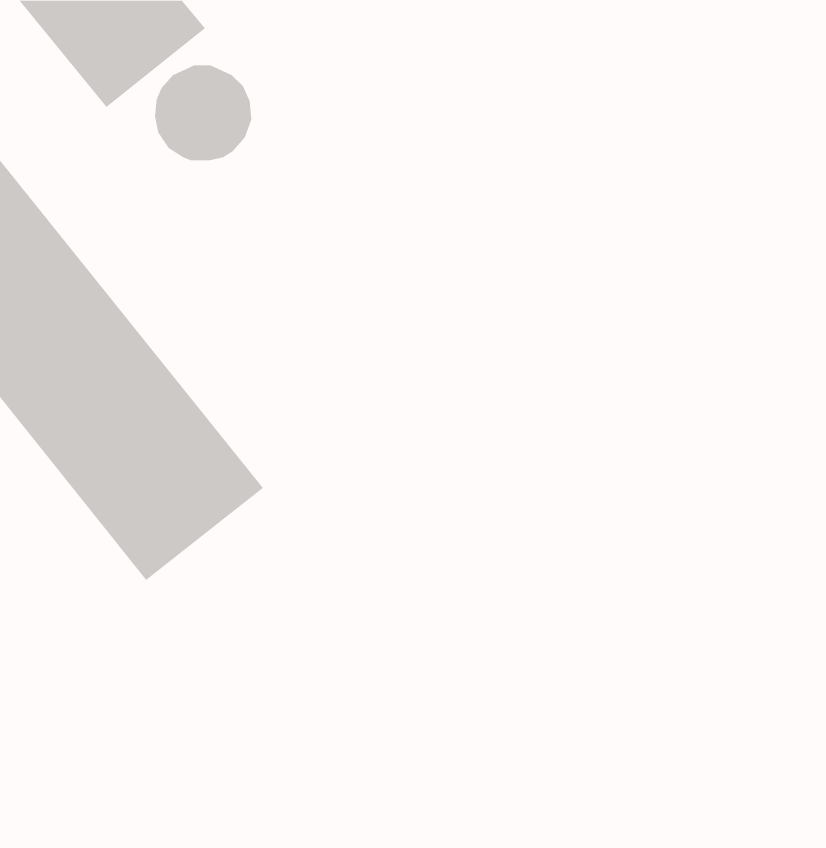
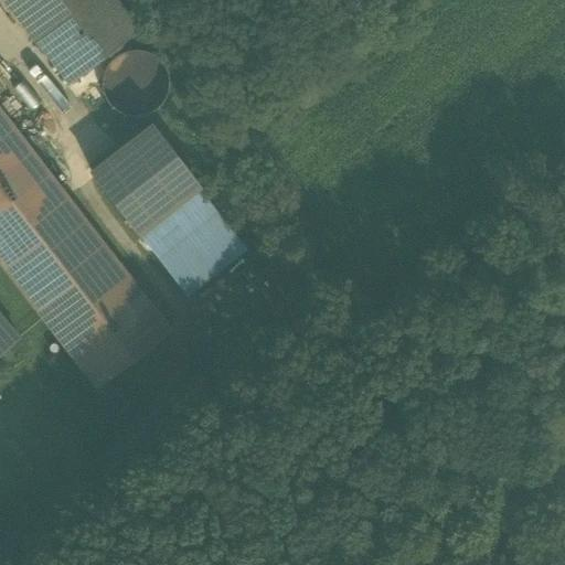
building: none -> [79,119,235,295]

